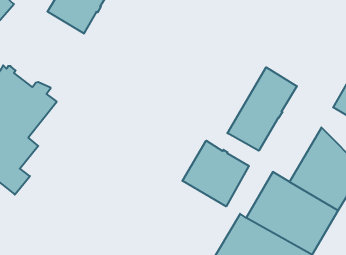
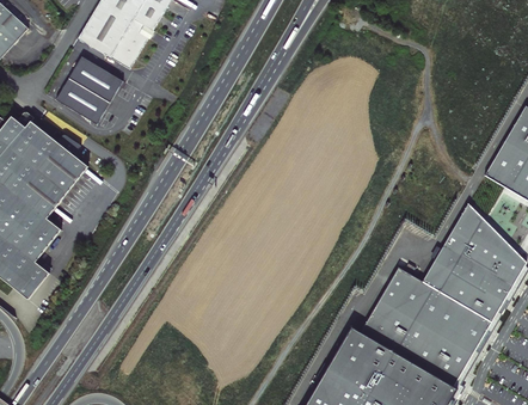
building: none -> [55,57,123,124]
building: [227,67,297,151] -> none
building: [182,141,249,206] -> none

